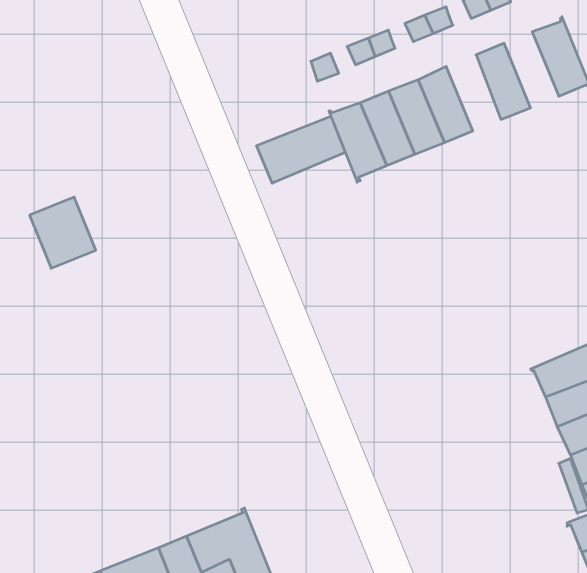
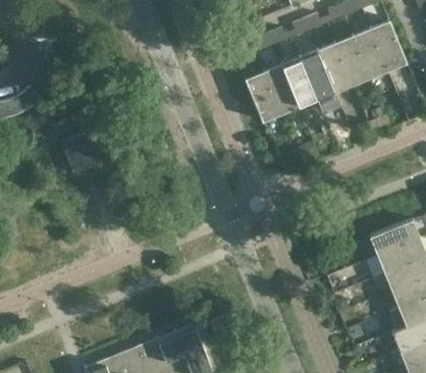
building: none -> [353,31,386,77]
building: none -> [317,45,351,92]
building: [257,116,345,183] -> none

